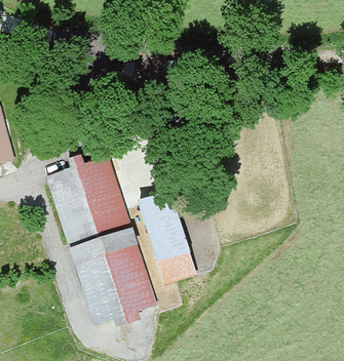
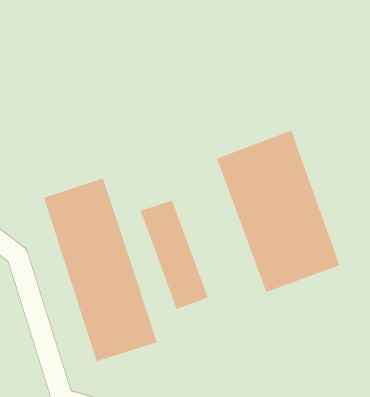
building: none -> [216,130,340,293]

